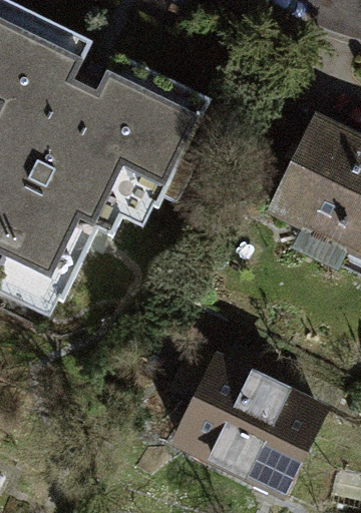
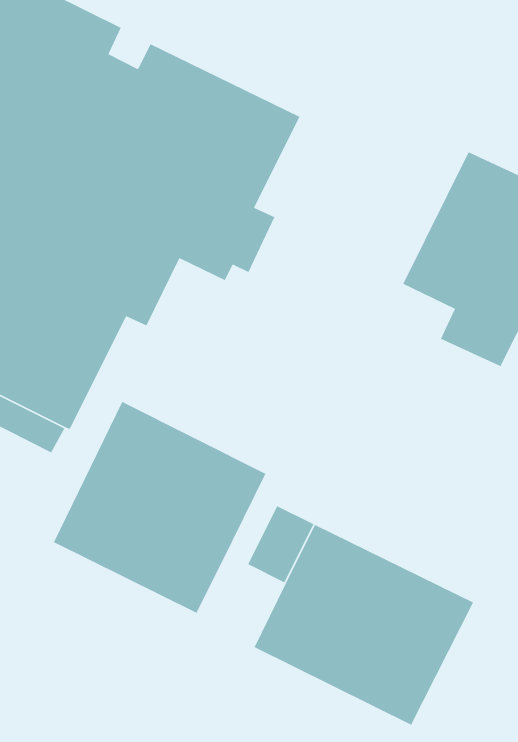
building: none -> [53,401,266,614]

